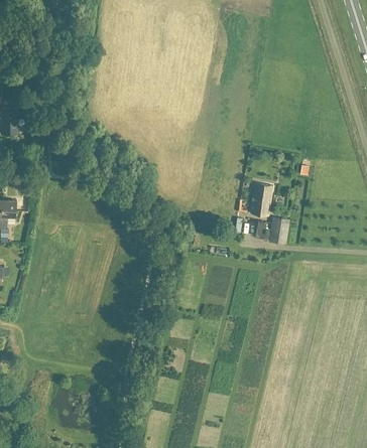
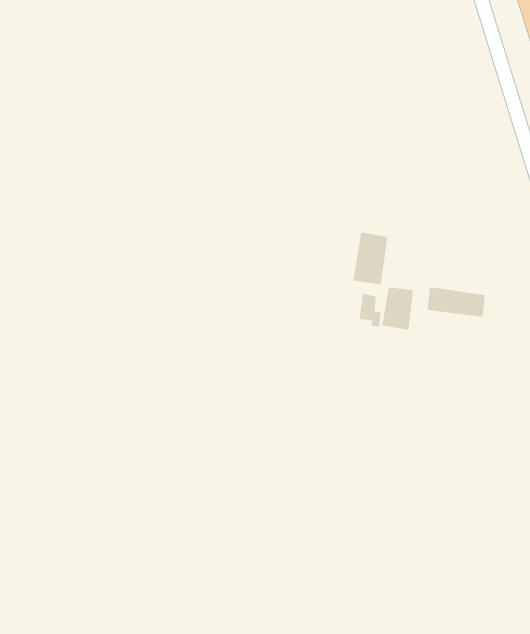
building: none -> [427,286,485,318]

